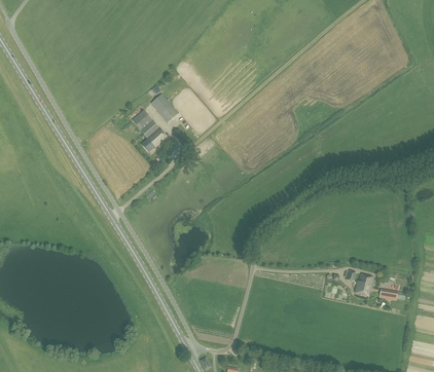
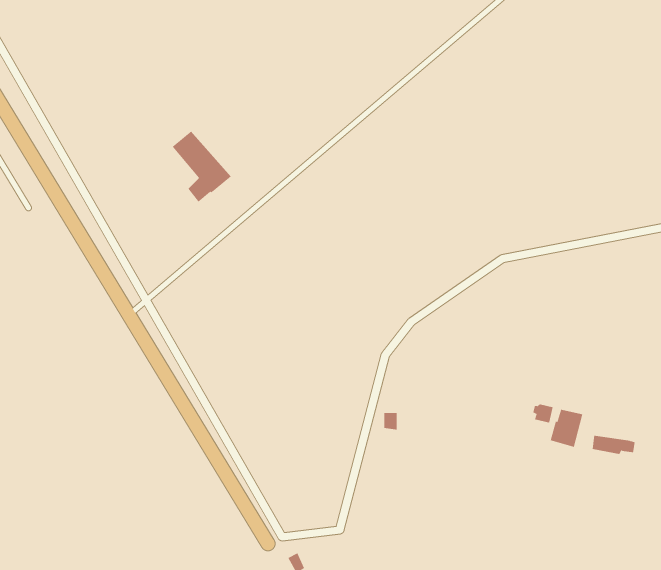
building: [150,92,178,121] -> none

